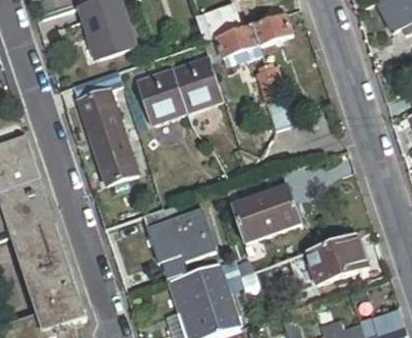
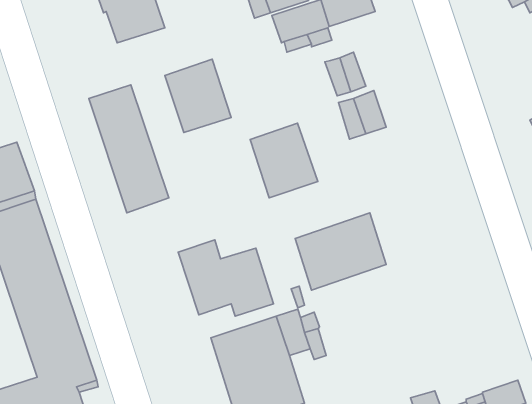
building: [170,58,221,114] -> [250,123,318,198]
building: [305,235,367,285] -> none

